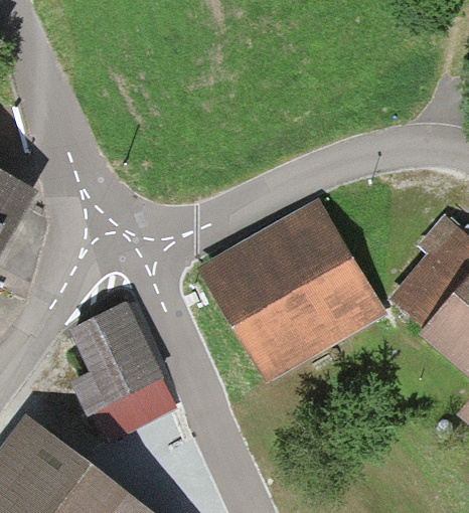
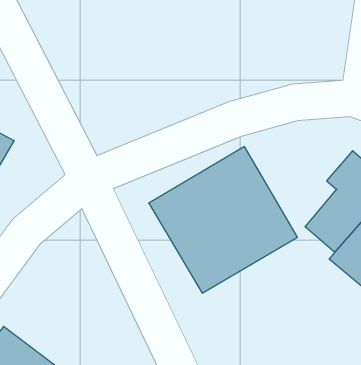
building: [60,305,176,447] -> none

